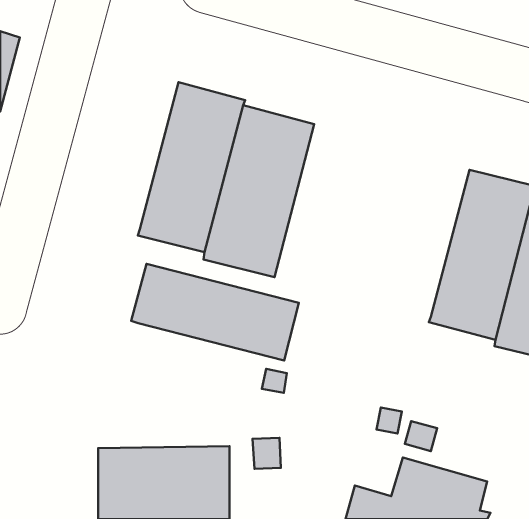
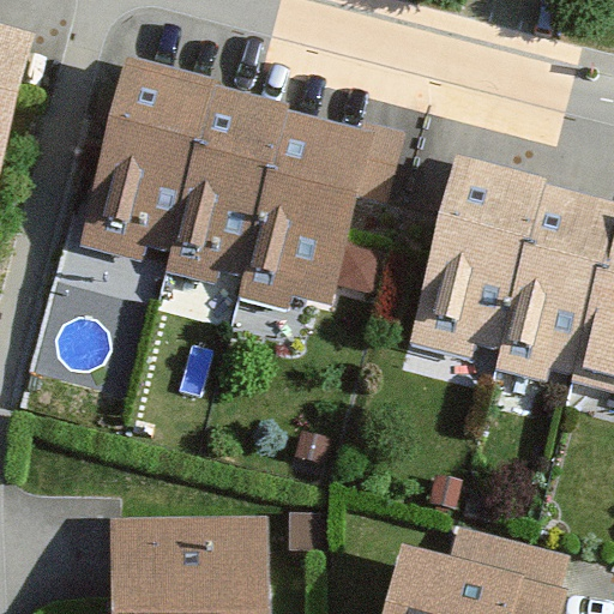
building: none -> [77,66,211,264]
building: none -> [411,165,546,365]
building: [131,264,299,361] -> none

